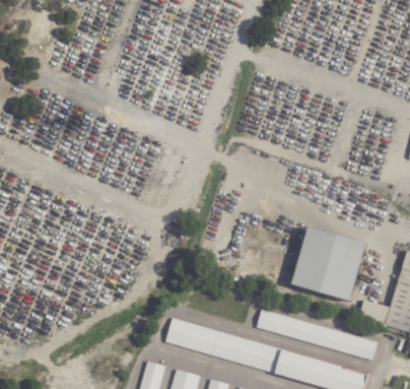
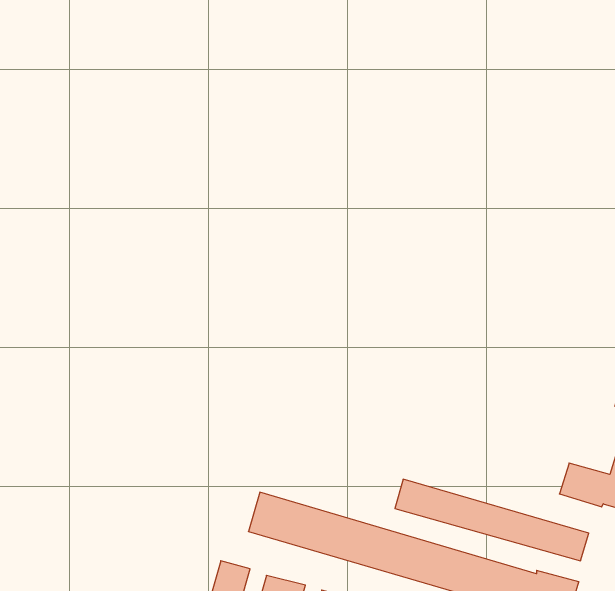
building: [290,225,363,300] -> none

